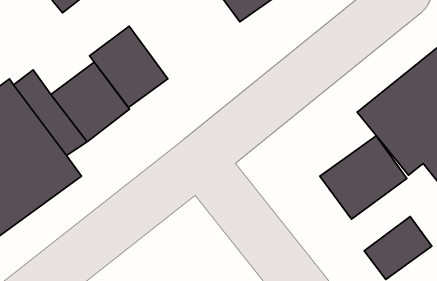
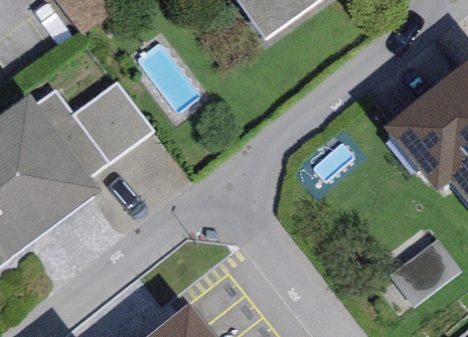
building: [89,26,168,108] -> none
building: [320,136,407,219] -> none

